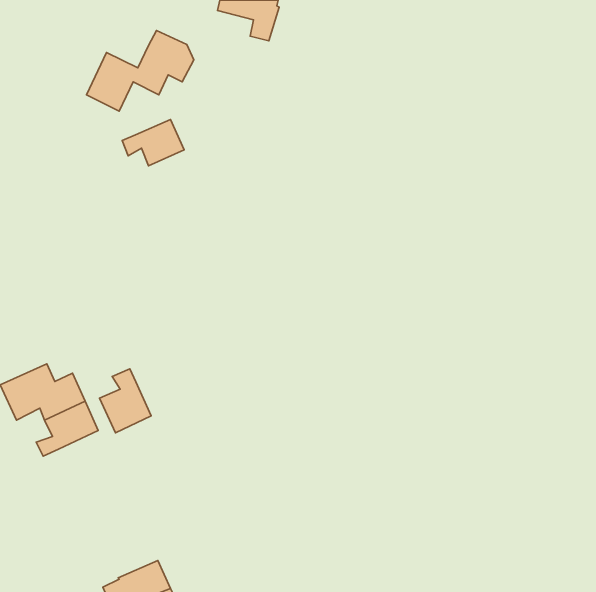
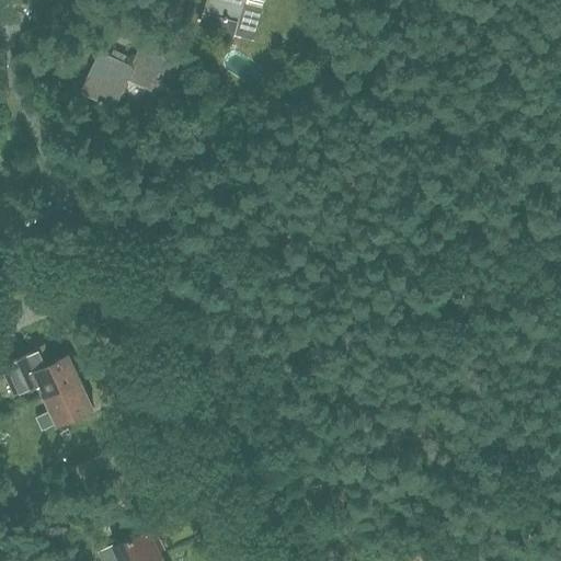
building: [122,120,184,166] -> none
building: [99,369,151,433] -> none

